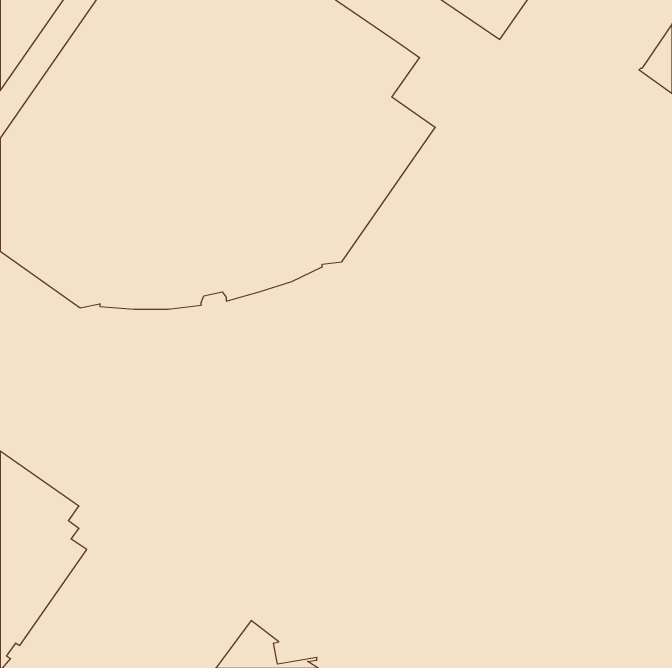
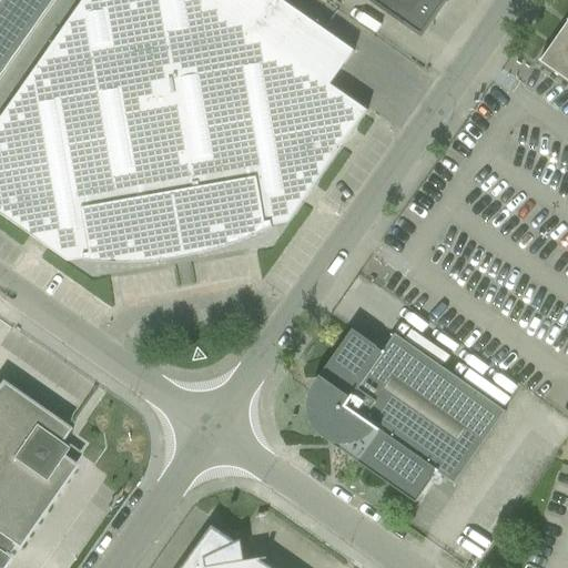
building: none -> [312,327,506,500]

